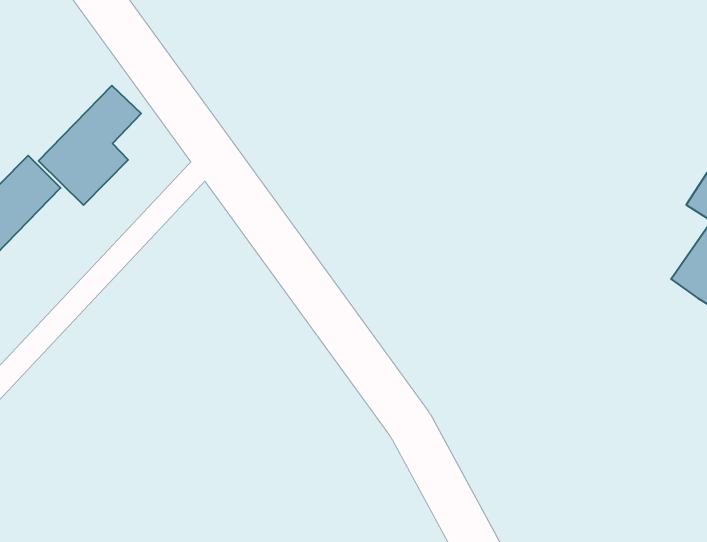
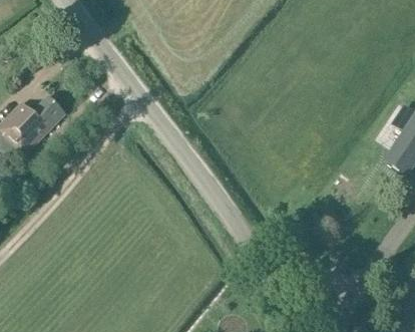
building: [39,86,141,205] -> none

